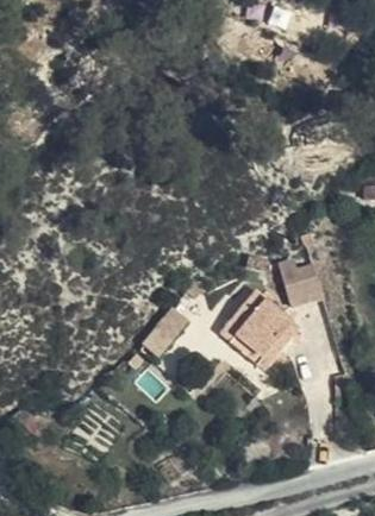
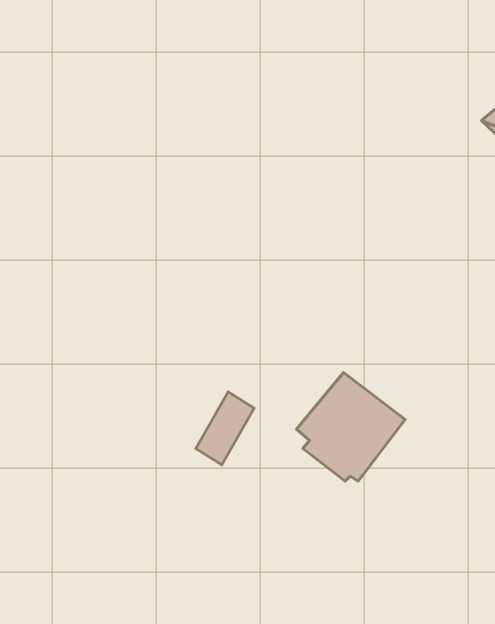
building: [282,256,324,303] -> none

